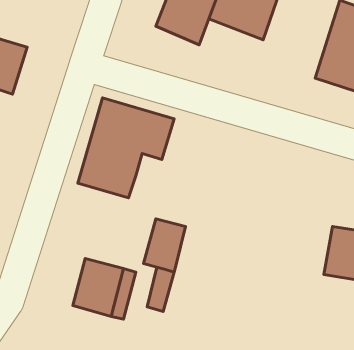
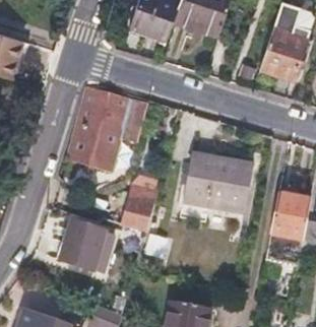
building: none -> [181,150,248,209]

